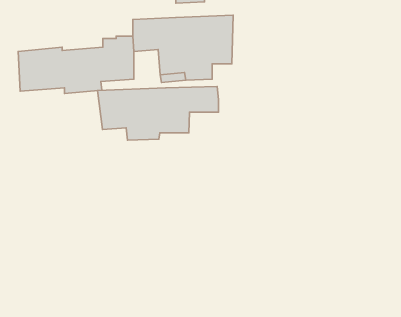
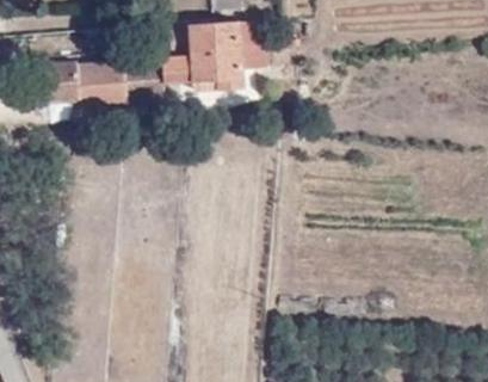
building: [98,86,219,140] -> none

